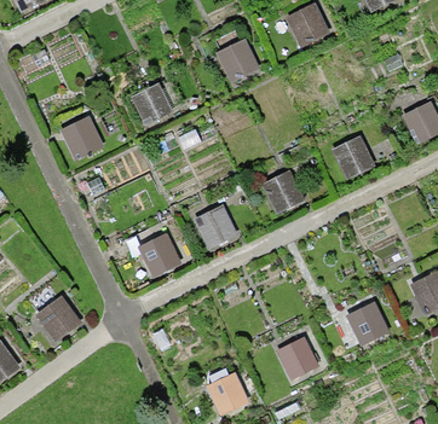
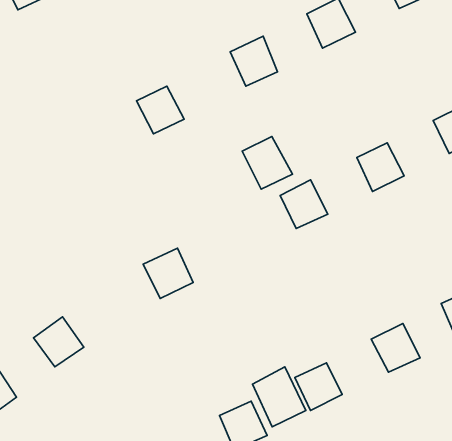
building: [59,115,104,161] -> none
building: none -> [242,136,293,189]
building: [192,204,238,251] -> none
building: none -> [252,367,306,427]

